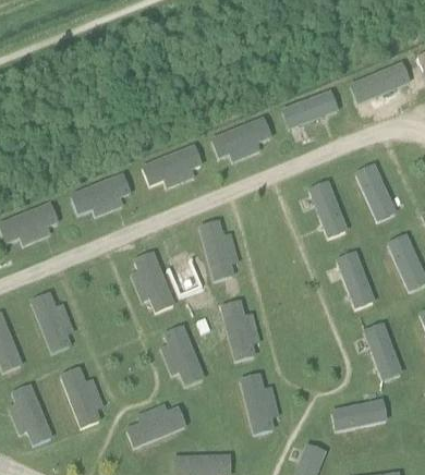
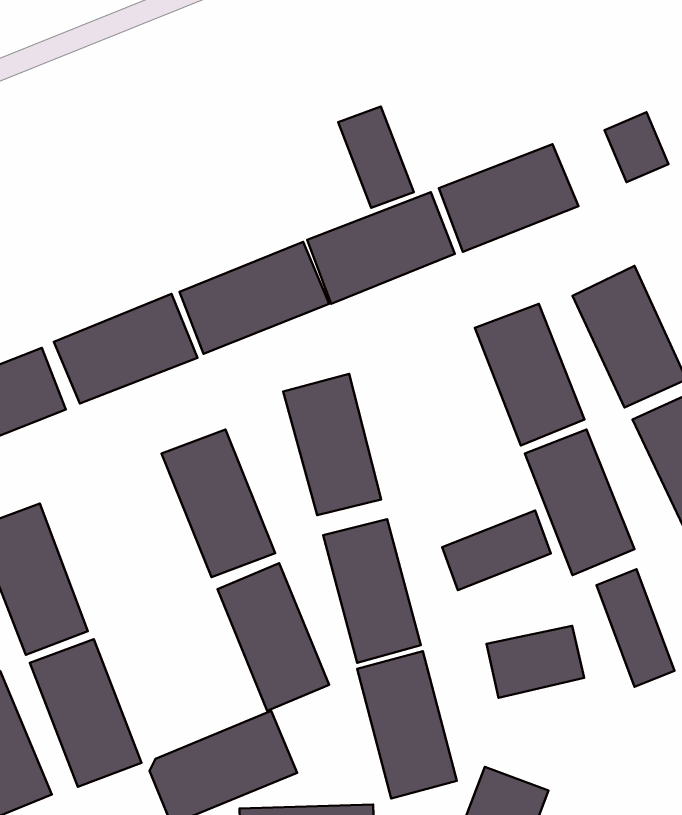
building: none -> [338,107,414,208]
building: none -> [442,511,551,590]
building: [335,393,388,433] -> [486,626,584,698]

